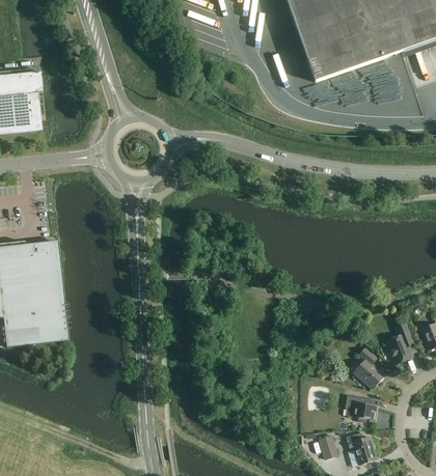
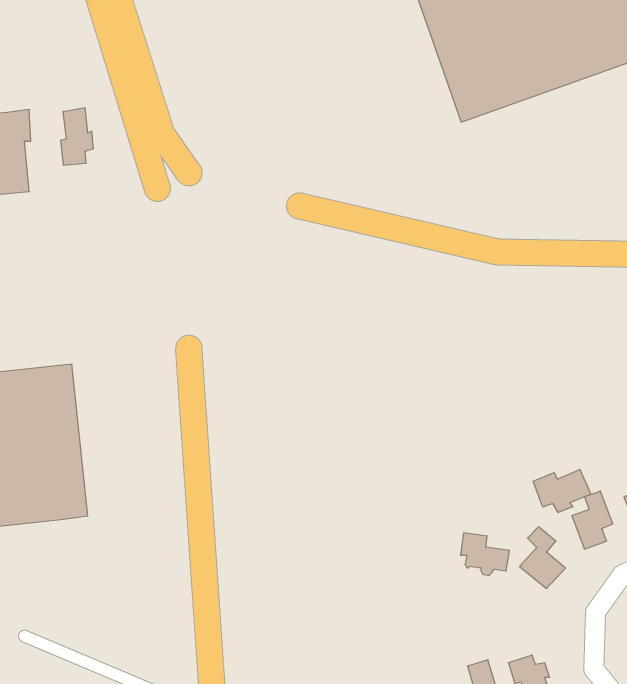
building: none -> [61,108,93,165]
building: none -> [533,469,591,513]
building: [345,393,377,421] -> [460,533,509,576]

